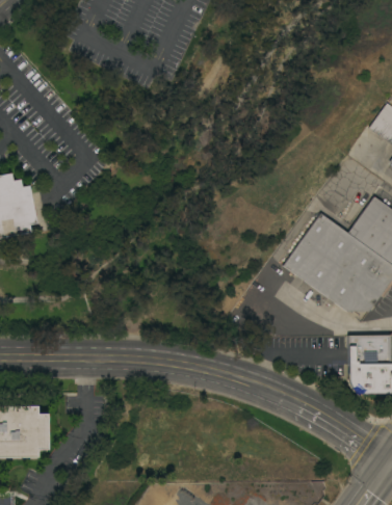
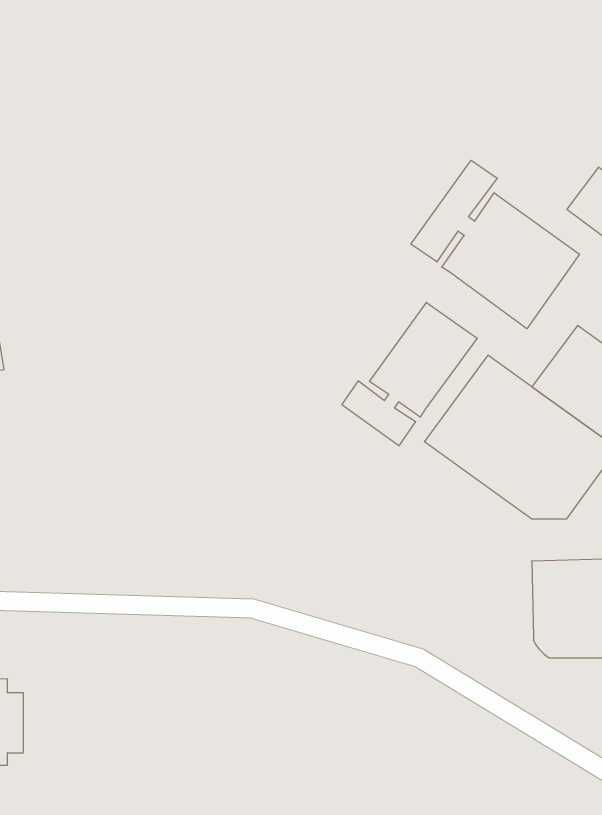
building: none -> [411,160,579,329]
building: none -> [342,302,477,446]

